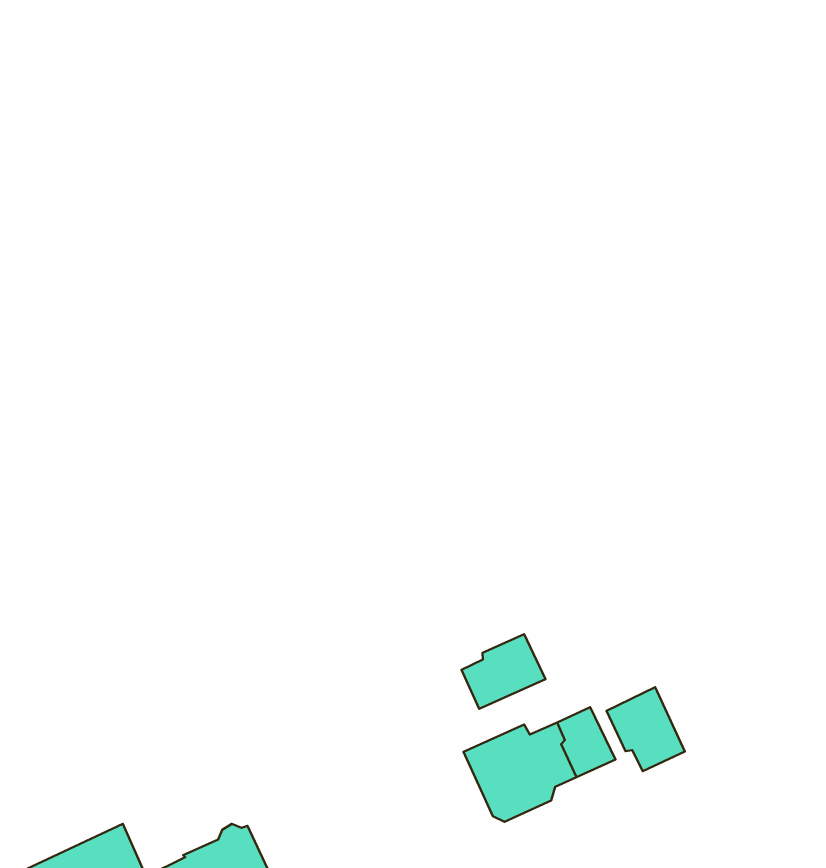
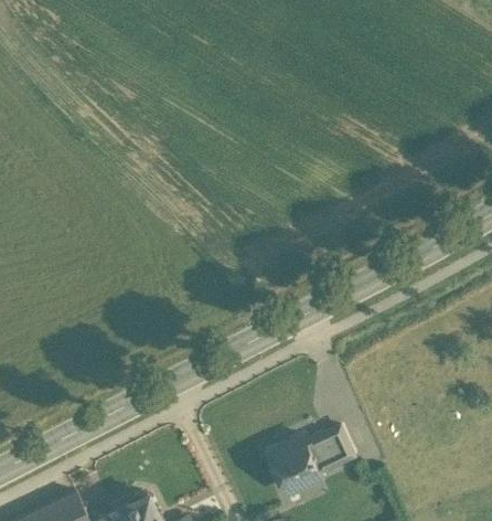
building: [461,634,546,709] -> none
building: [607,687,685,771] -> none

